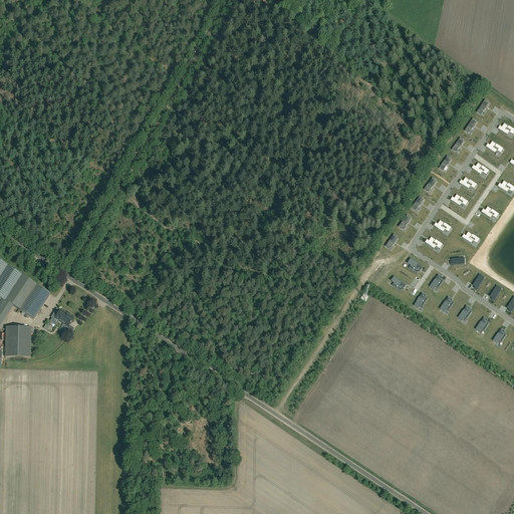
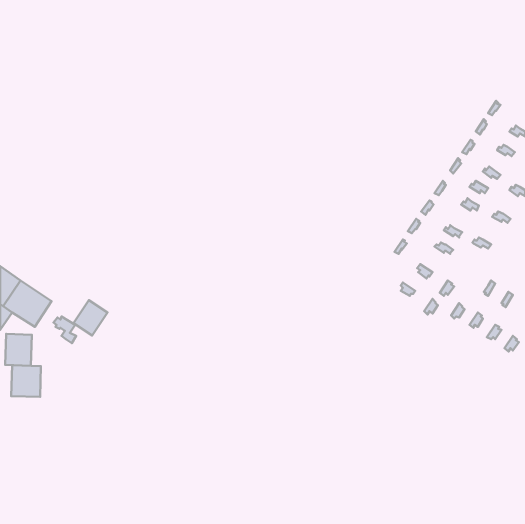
building: none -> [73,300,107,336]
building: none -> [11,365,41,397]

